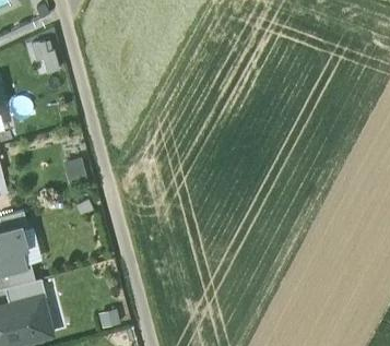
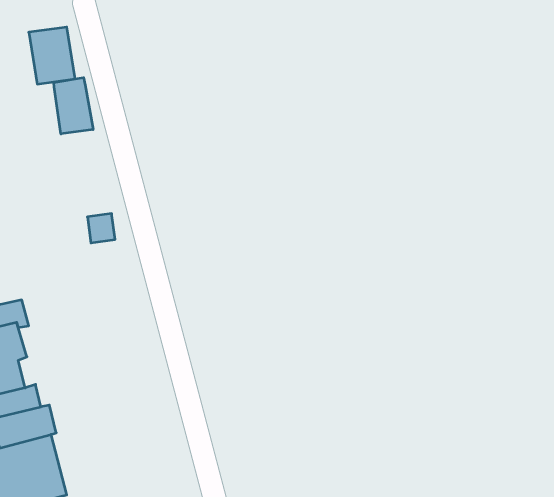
building: none -> [54,78,93,134]

